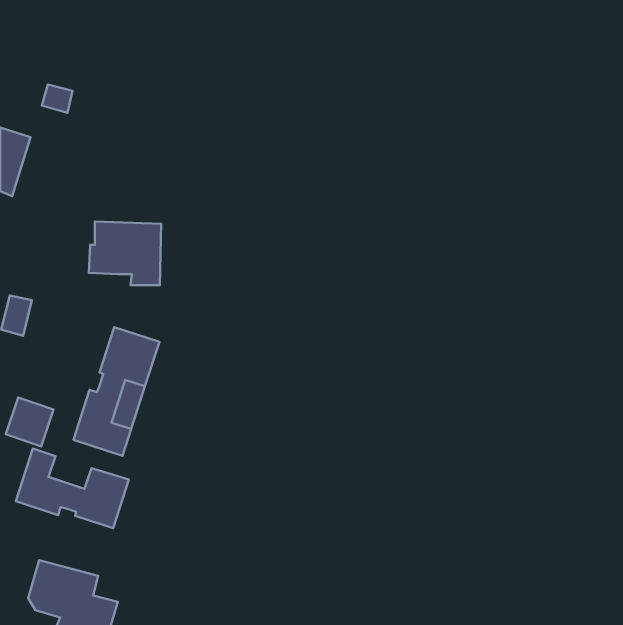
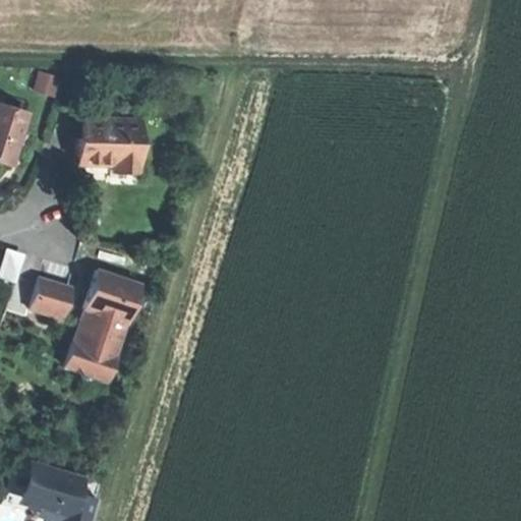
building: [89,221,161,285] -> [78,120,138,173]
building: [6,397,54,446] -> [30,278,69,319]
building: [16,449,129,528] -> none

